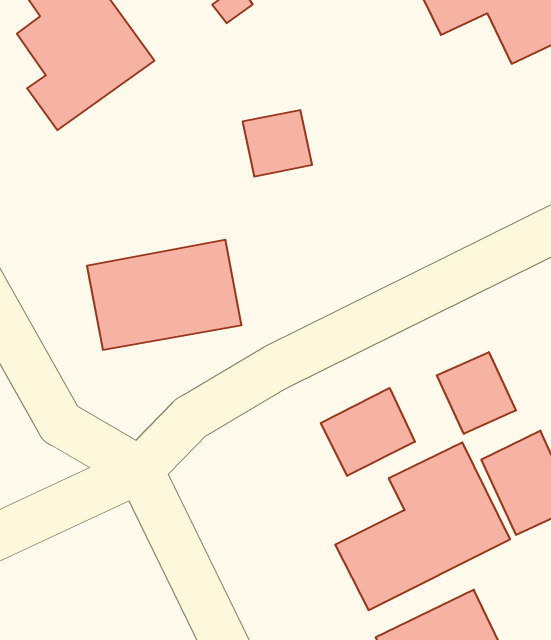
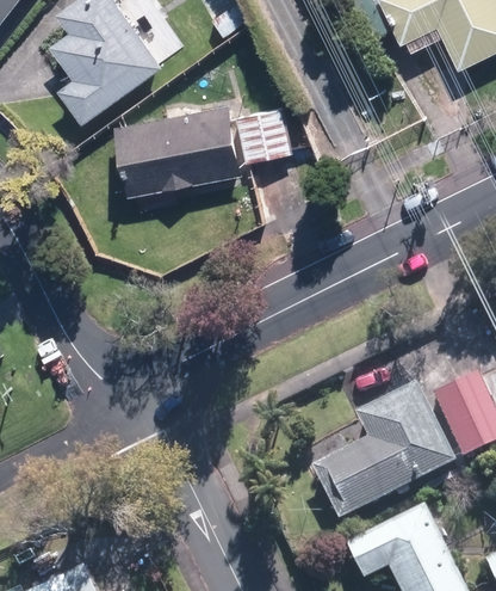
building: [87,240,242,350] -> [113,105,241,196]
building: [437,352,516,434] -> none
building: [321,388,415,476] -> none

